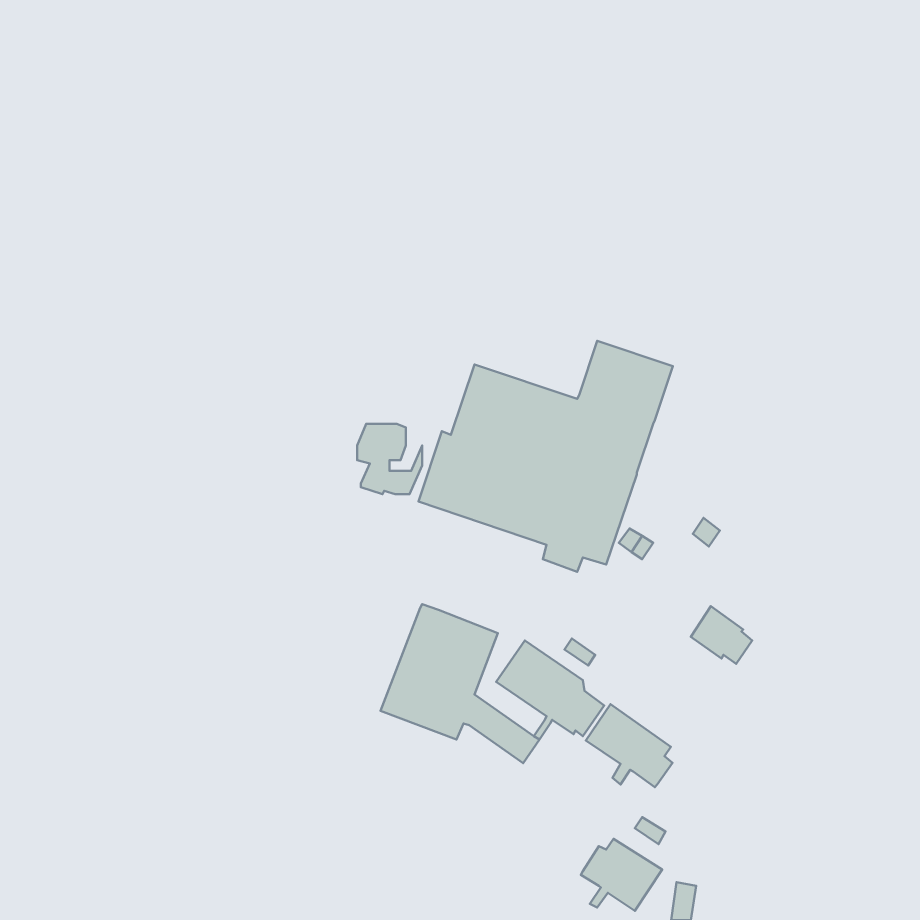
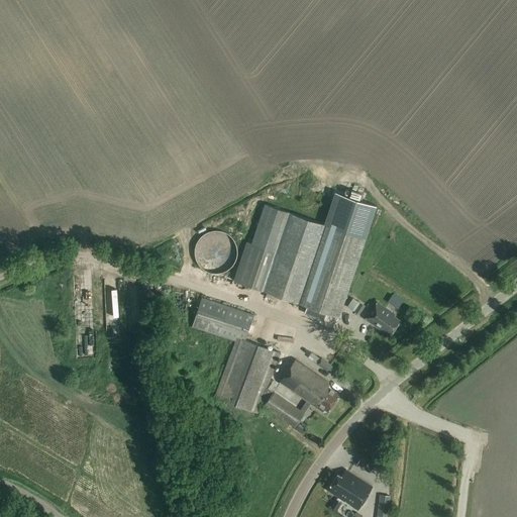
building: none -> [193,298,254,341]
building: [691,606,752,664] -> [366,302,400,334]
building: [586,704,672,787] -> none

